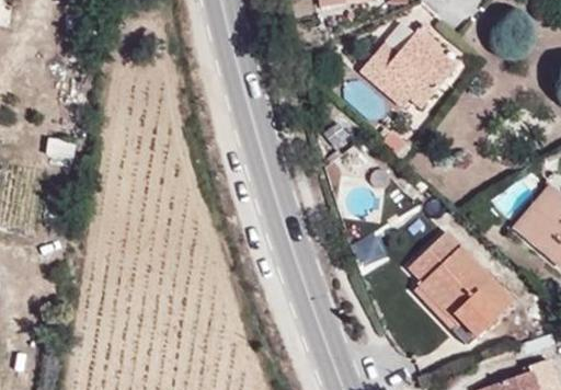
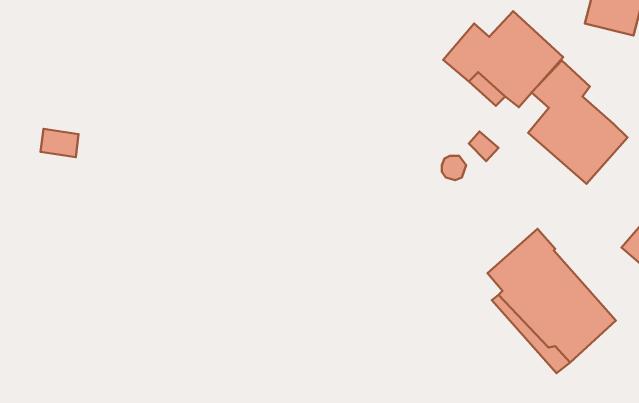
building: none -> [528,60,628,184]

